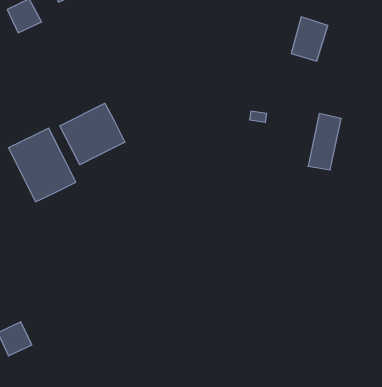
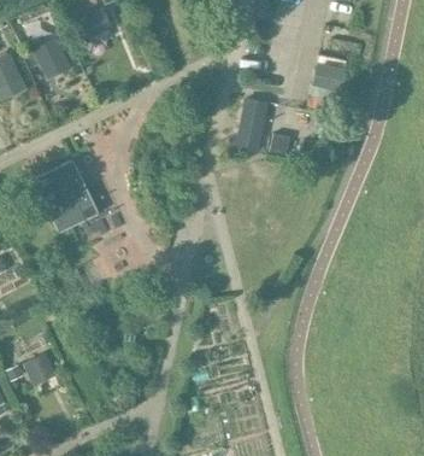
building: [60,103,125,165] -> none
building: [308,114,341,170] -> [235,98,267,153]

